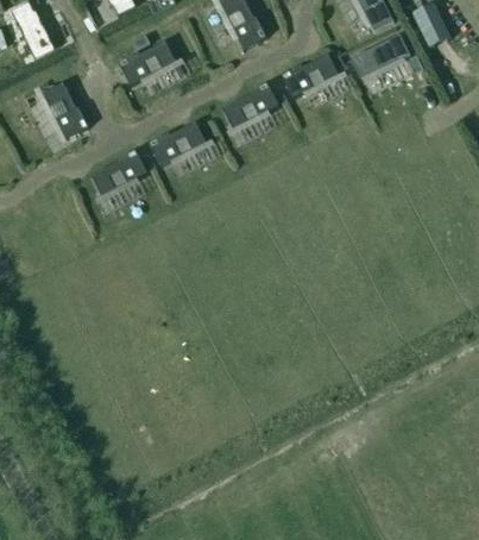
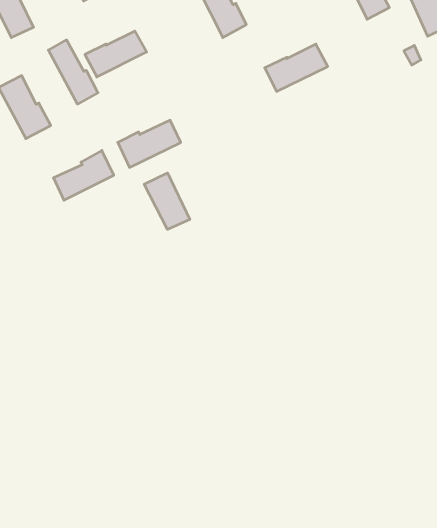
building: [351,36,410,81] -> none
building: none -> [48,40,98,104]
building: [223,86,277,130] -> none
building: none -> [144,173,190,229]

